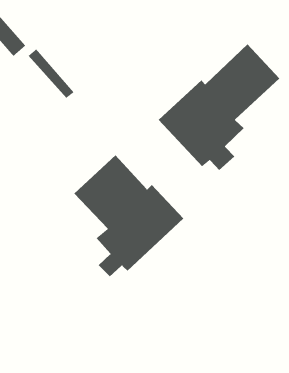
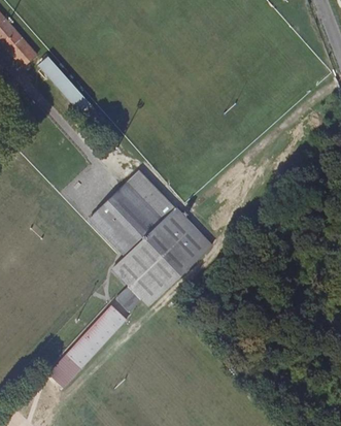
building: [158,44,280,171] -> none
building: none -> [45,304,127,385]

